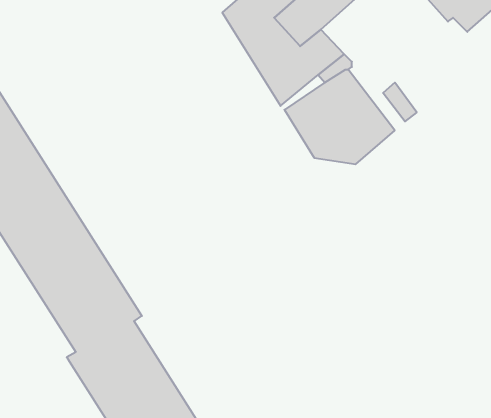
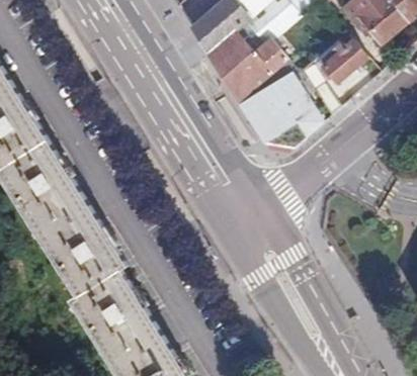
building: none -> [323,39,366,82]

